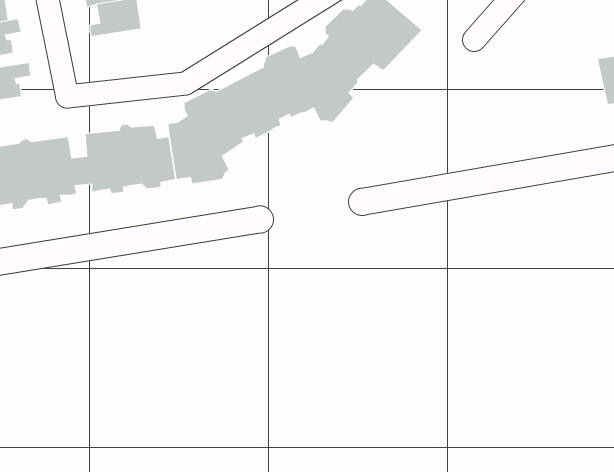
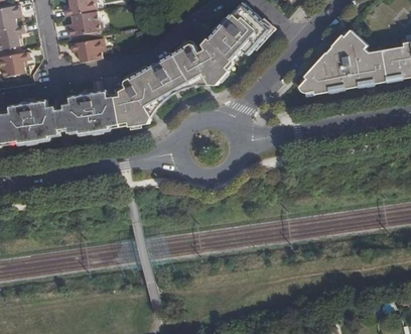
building: none -> [298,28,387,94]
building: none -> [68,38,103,63]

